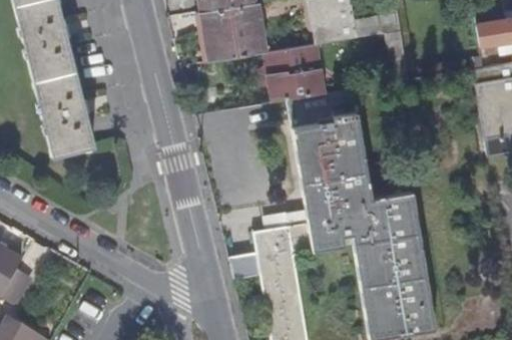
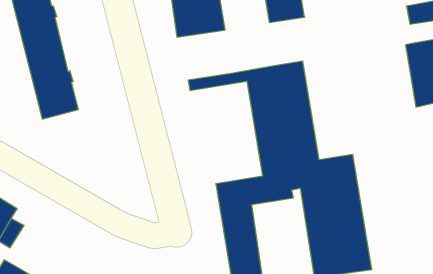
building: [264,43,324,102] -> none

